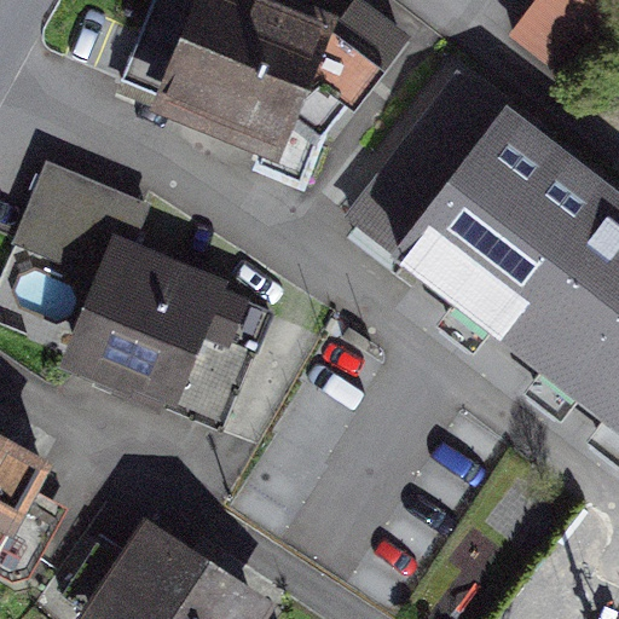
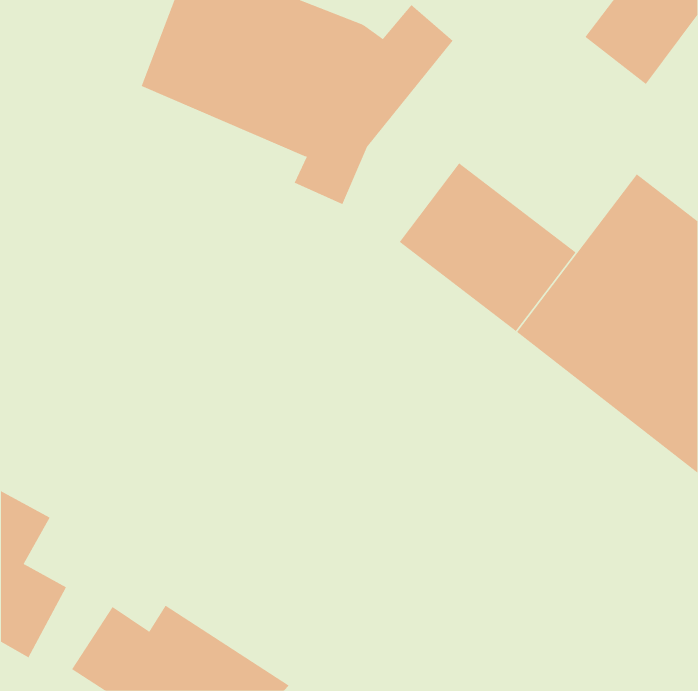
building: [406,75,563,224] -> none
building: [21,164,273,428] -> none

